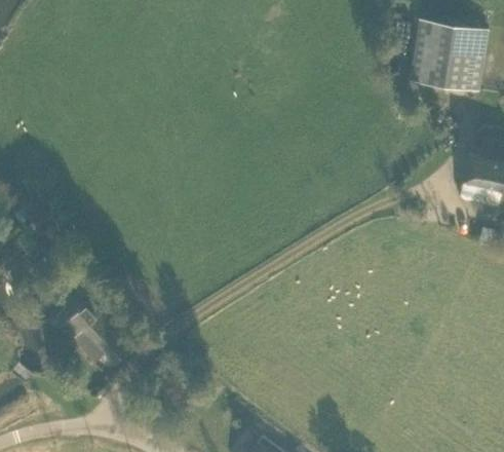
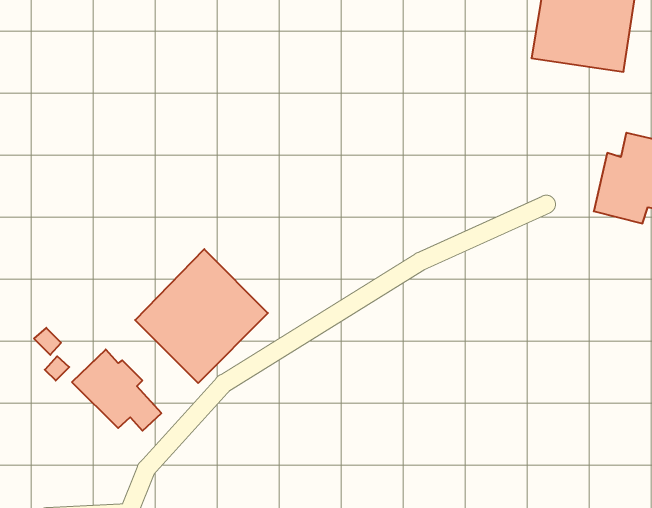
building: none -> [135,249,268,383]

